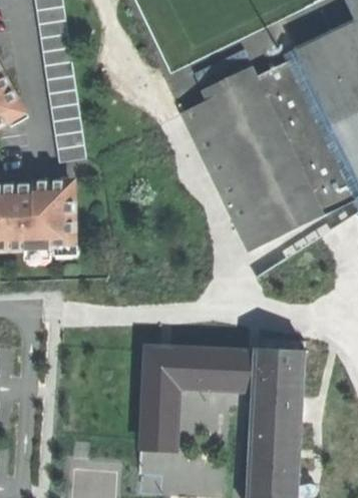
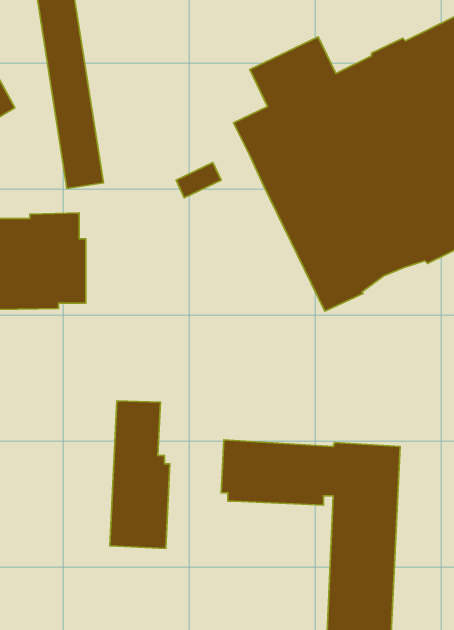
building: [137,345,182,453] -> [110,401,170,548]

